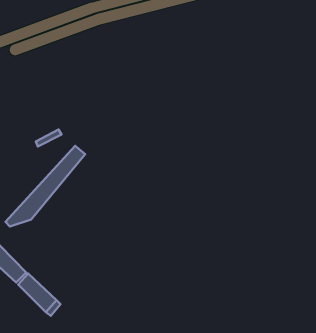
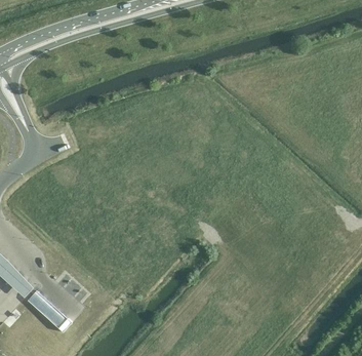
building: [6,146,85,226] -> none

